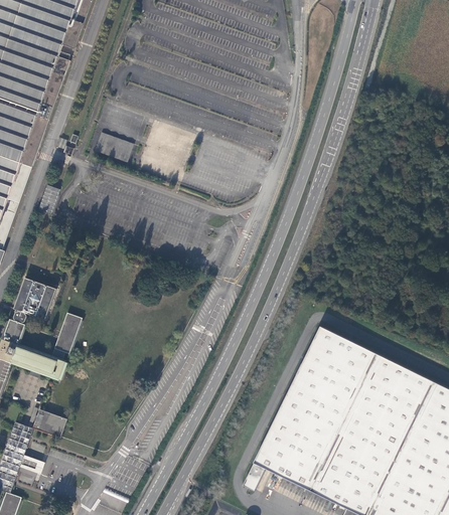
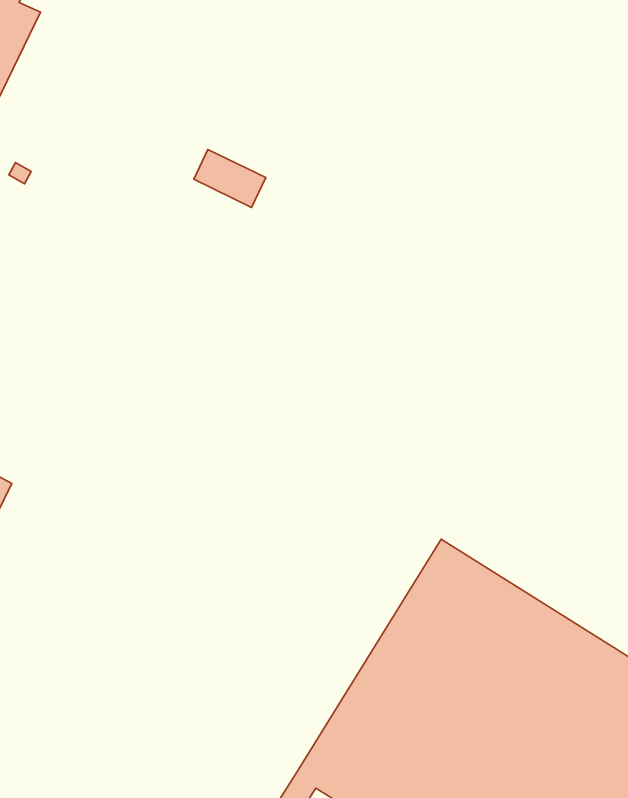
building: [93,132,132,161] -> [194,149,266,207]

